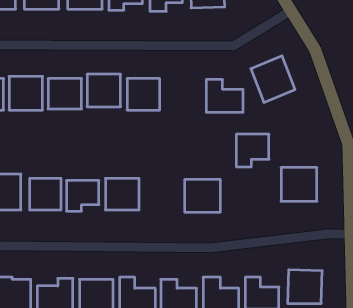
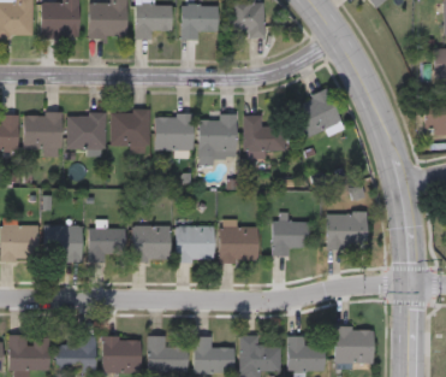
building: none -> [200,114,237,157]
building: [236,134,269,167] -> [273,220,309,257]
building: none -> [177,226,214,263]

